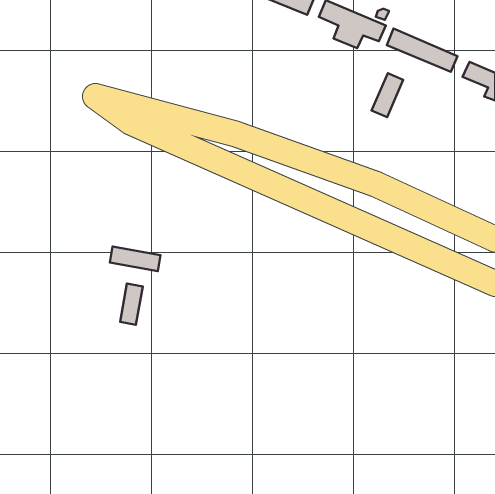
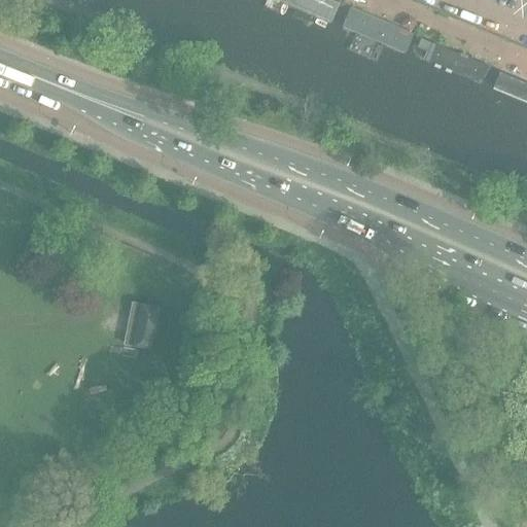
building: [372,73,403,117] -> none
building: [110,247,161,271] -> none

